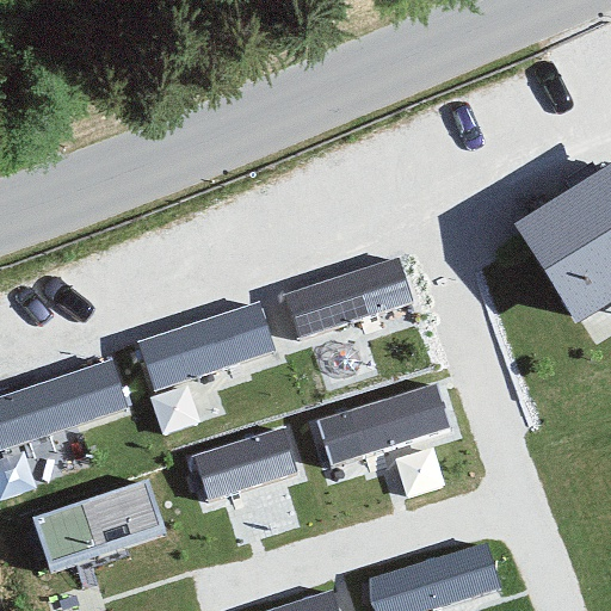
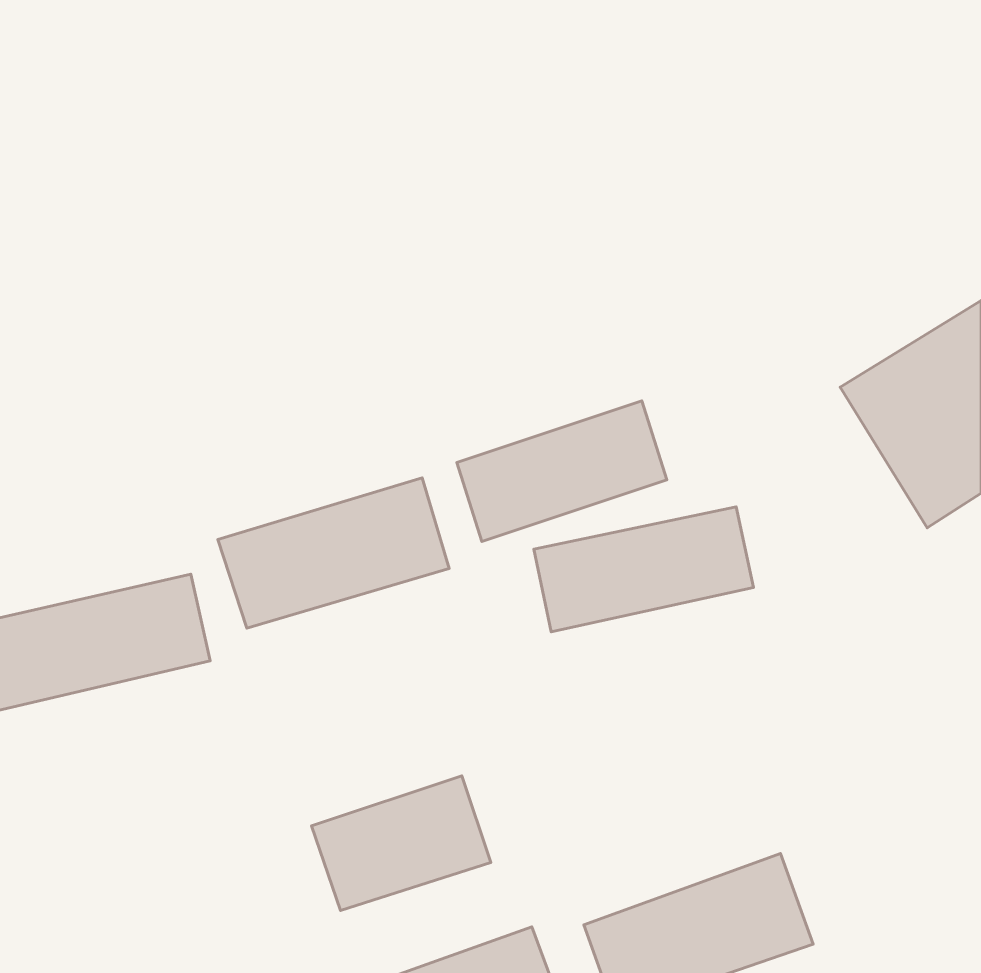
building: [316,387,452,464] -> [534,507,753,632]
building: [190,420,301,504] -> [311,776,491,911]
building: [33,481,167,570] -> none

